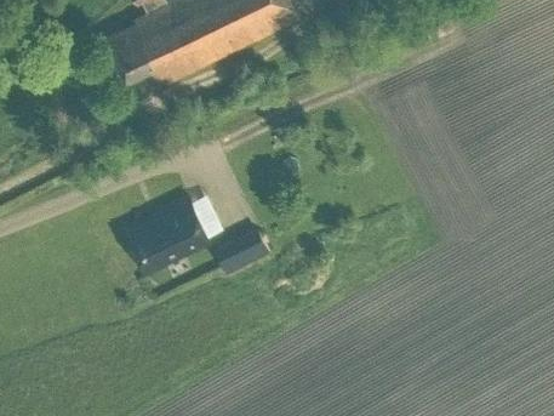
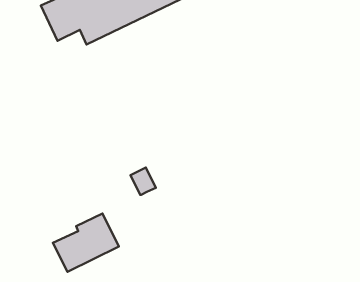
building: [127,199,210,272] -> [53,214,119,272]

